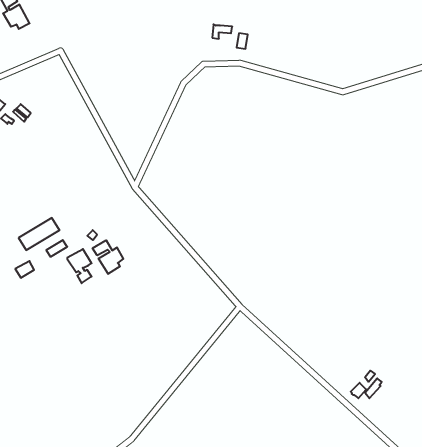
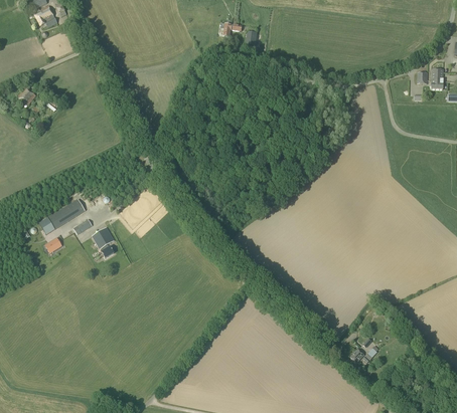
building: [93,240,123,274] -> none

